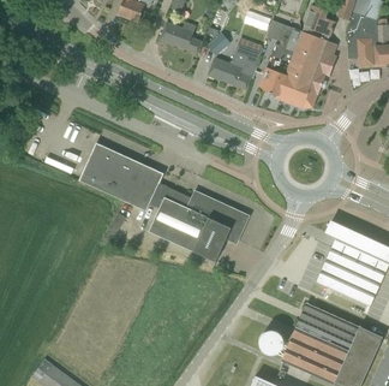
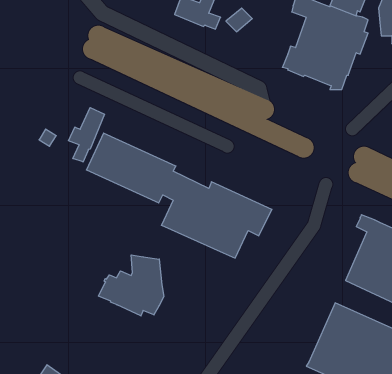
building: [208,44,261,88] -> none
building: none -> [68,108,105,162]
building: none -> [99,255,164,316]

